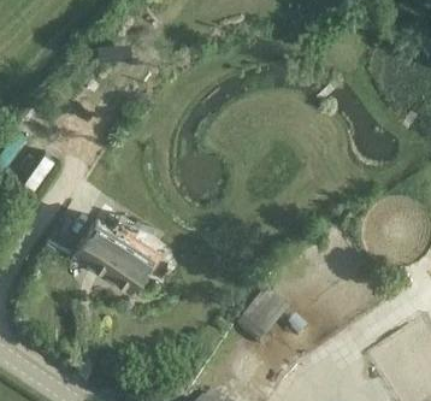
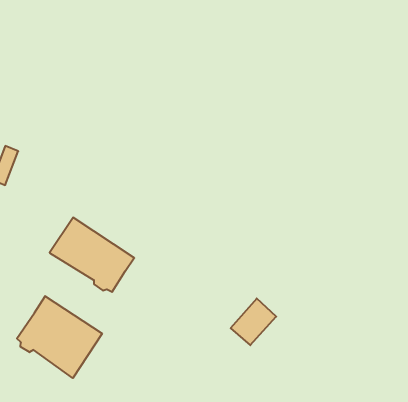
building: none -> [17,296,102,378]

